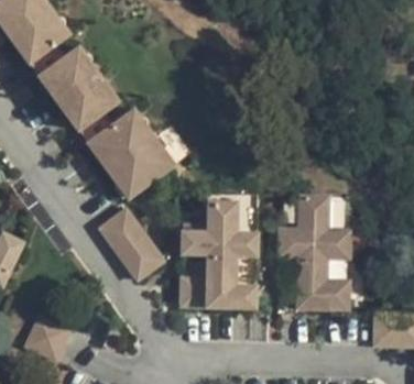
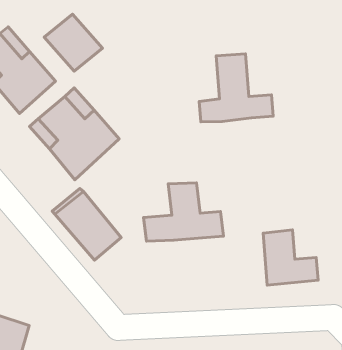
building: none -> [44,14,102,71]
building: [280,196,350,260] -> [199,54,273,122]
building: [187,260,262,311] -> none

